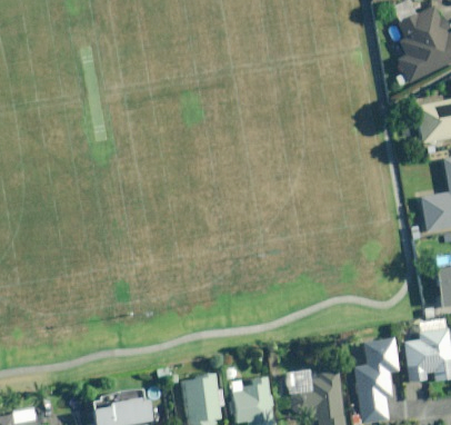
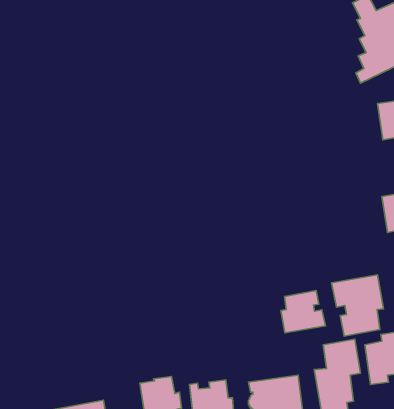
building: none -> [331,275,383,336]
building: none -> [281,291,325,333]

